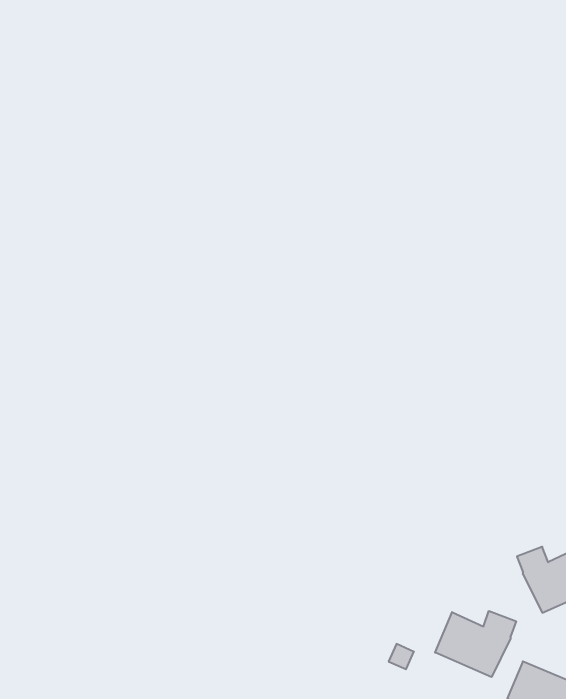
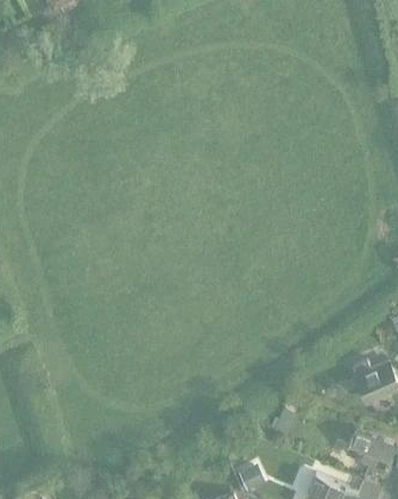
building: [435,611,516,677] -> none

